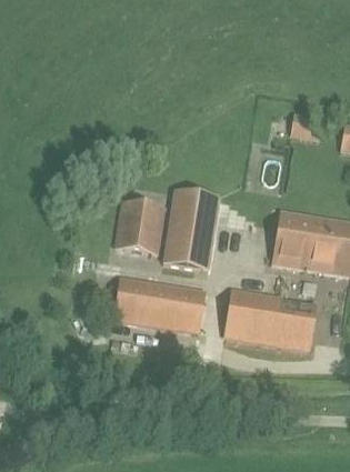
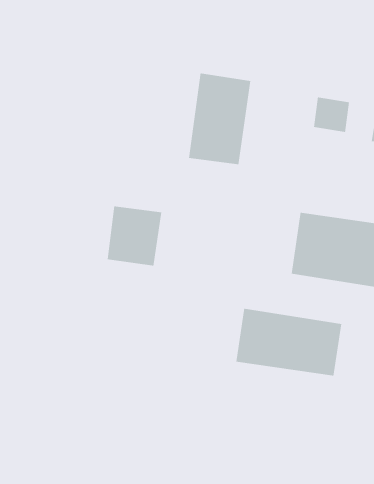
building: [163,192,217,270] -> [188,73,251,165]
building: [116,279,203,332] -> none

